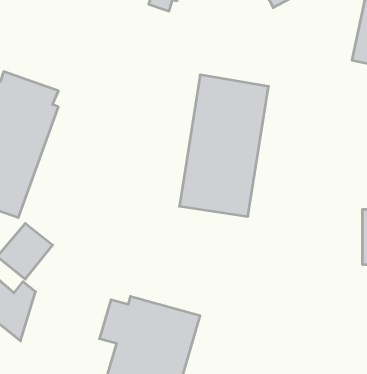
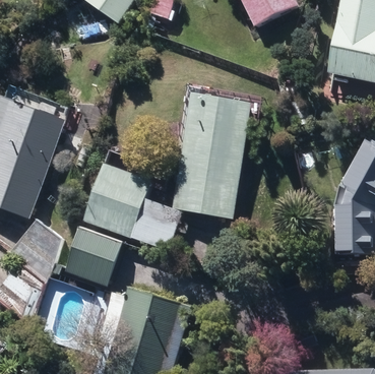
building: none -> [82,160,182,248]
building: none -> [62,223,122,284]

